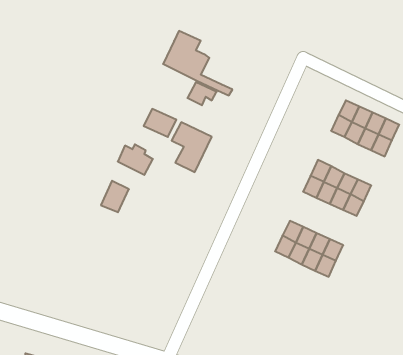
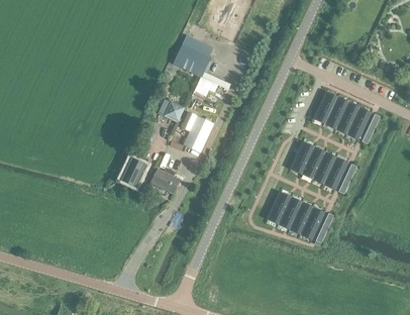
building: [118,144,153,175] -> [152,168,182,193]

